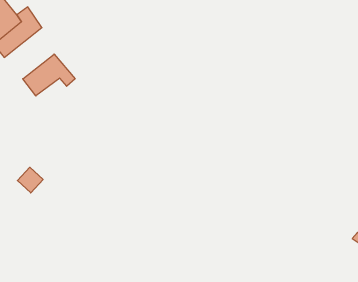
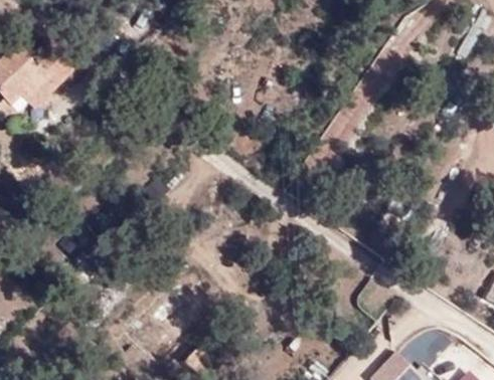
building: [23,54,75,96] -> none

